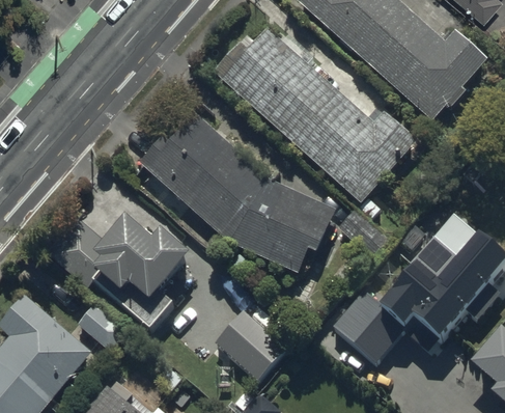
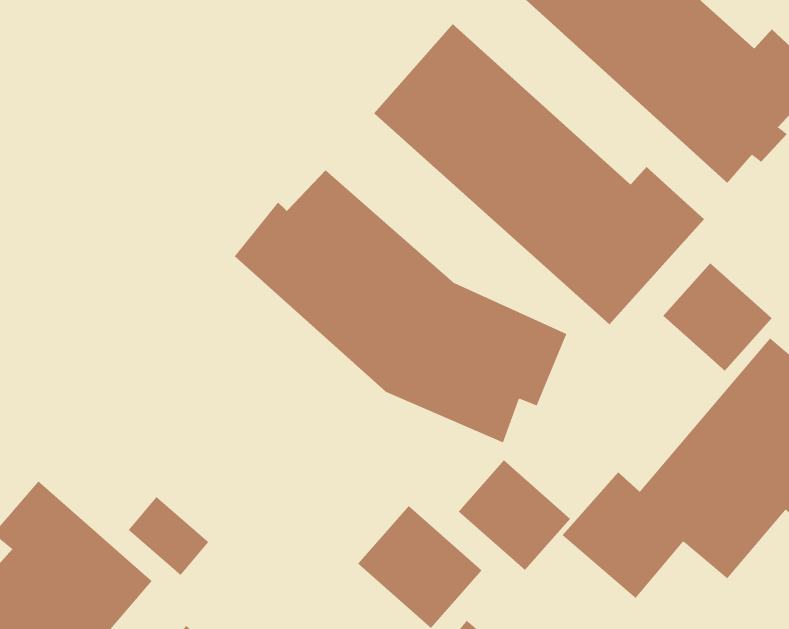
building: none -> [663,263,772,371]
building: [48,213,190,328] -> none
building: none -> [458,460,571,571]

